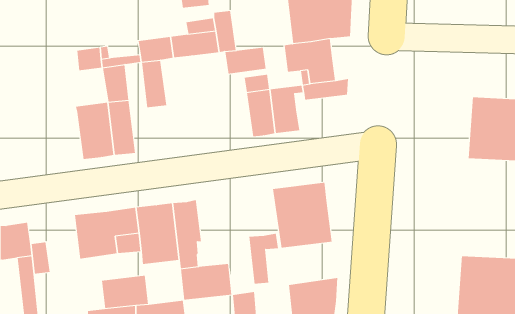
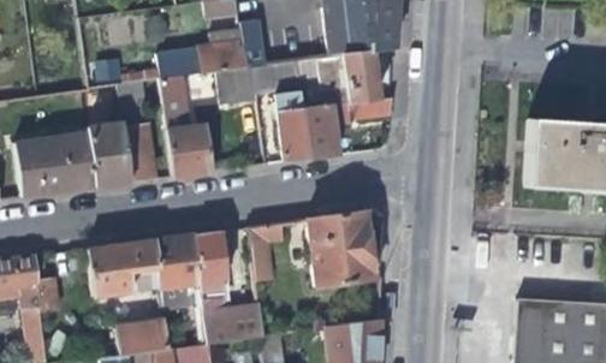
building: none -> [219,67,260,105]
building: none -> [168,125,214,178]
building: none -> [17,135,97,198]
building: [249,233,279,284] -> [251,224,285,280]

